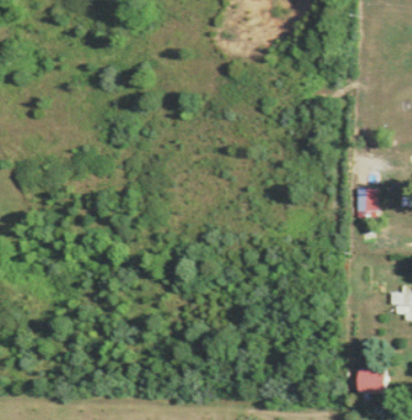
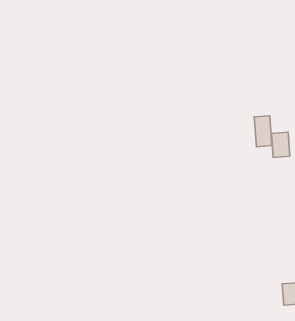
building: none -> [254,116,272,147]

